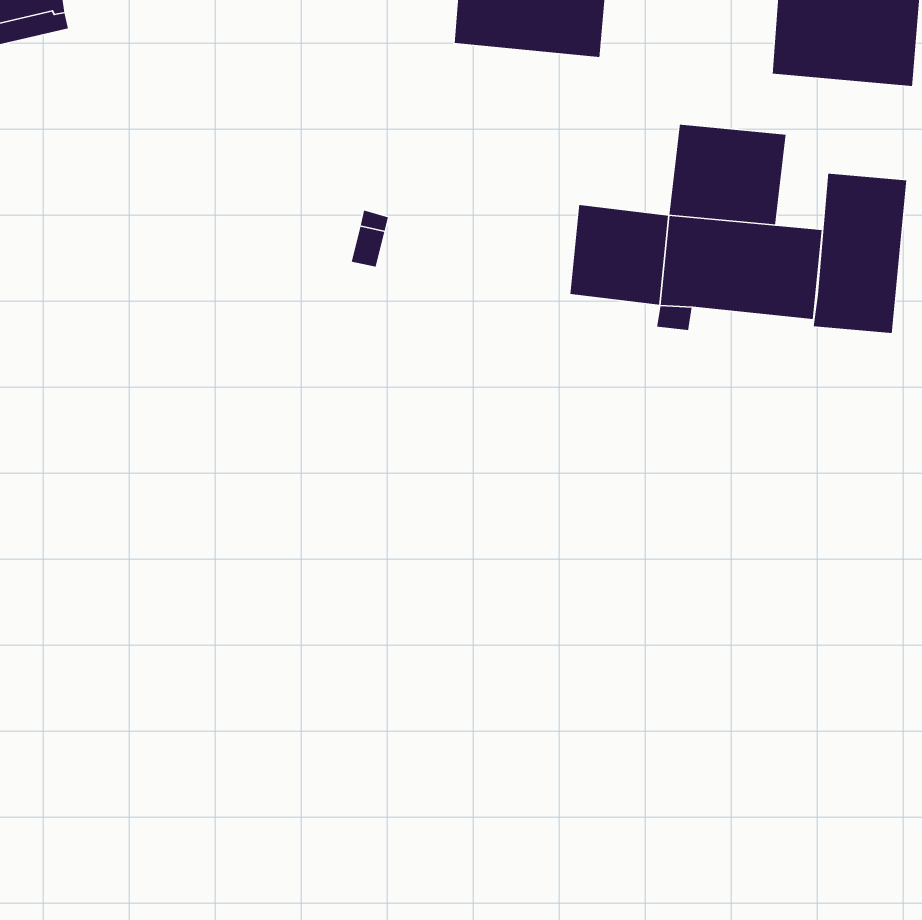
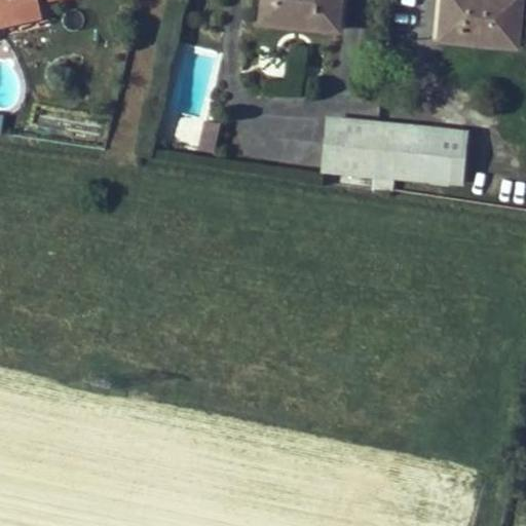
building: [668,124,787,225] -> none
building: [813,173,907,334] -> none

